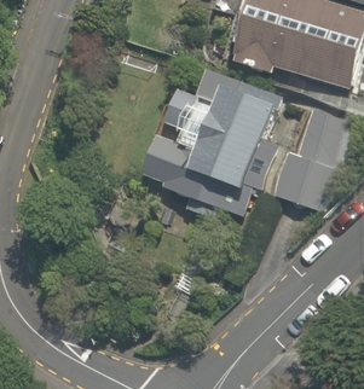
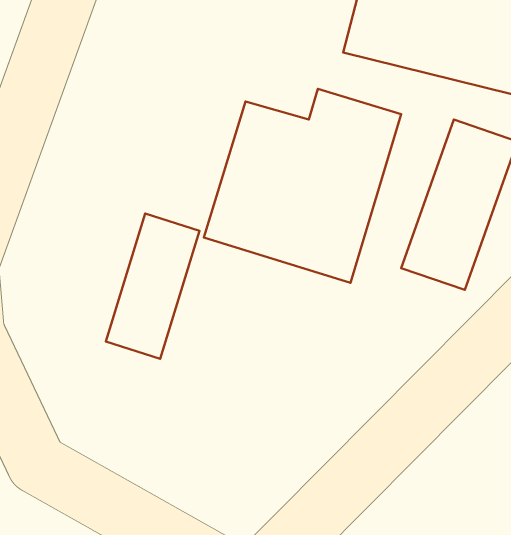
building: none -> [106,214,199,359]

